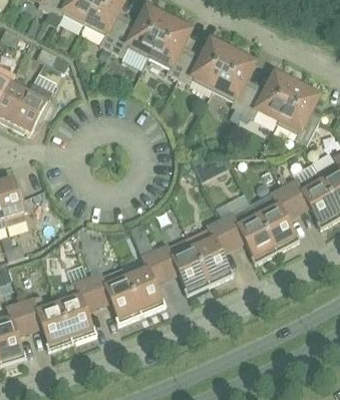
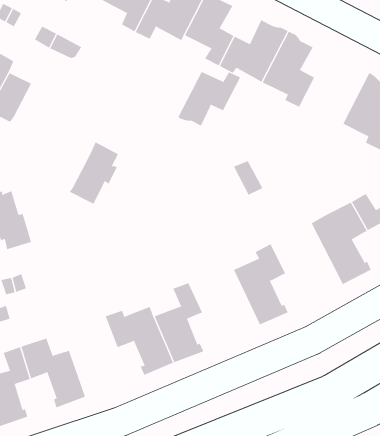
building: [242,72,297,122] -> none
building: none -> [178,71,241,127]
building: [11,81,51,131] -> [69,142,119,205]
building: [219,202,276,262] -> none
building: [153,239,210,294] -> none
building: [58,276,96,340] -> none

